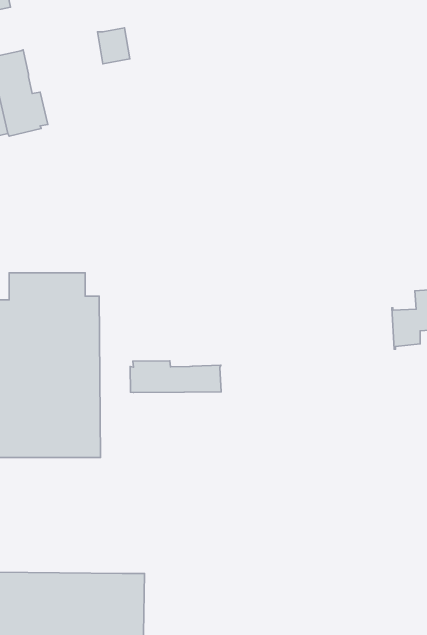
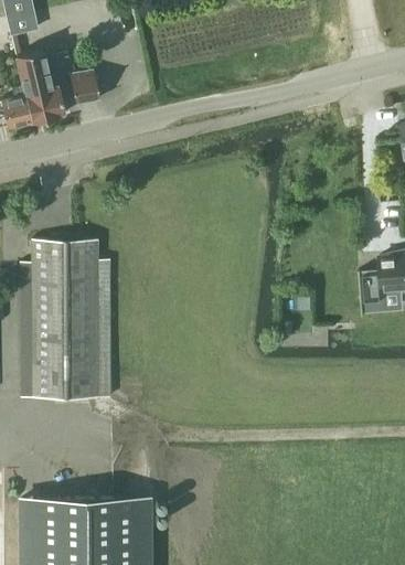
building: [98,28,130,64] -> [71,73,98,104]
building: [130,361,221,393] -> none

